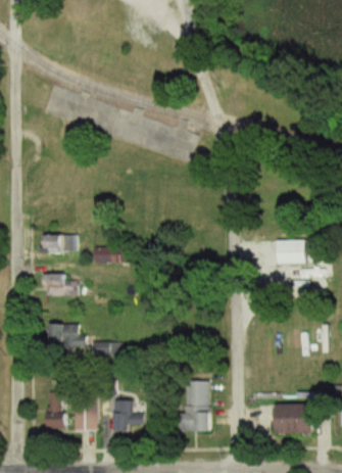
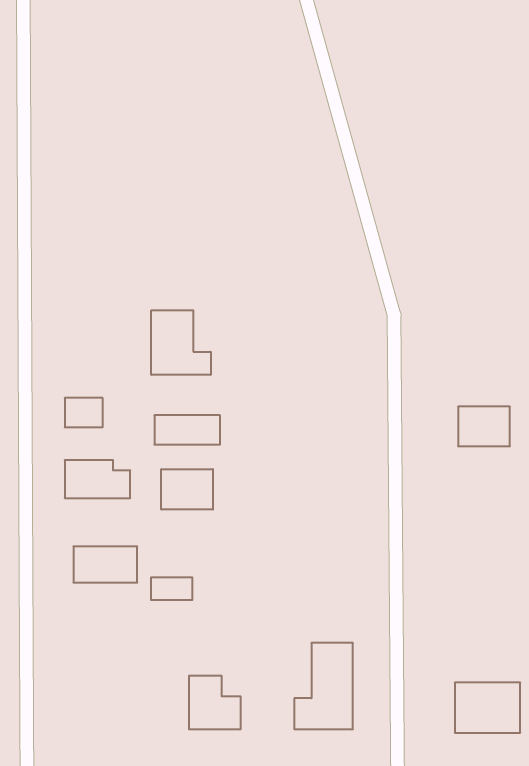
building: none -> [151,310,211,375]
building: none -> [161,469,213,510]
building: [46,393,66,429] -> none
building: [75,394,97,431] -> none

